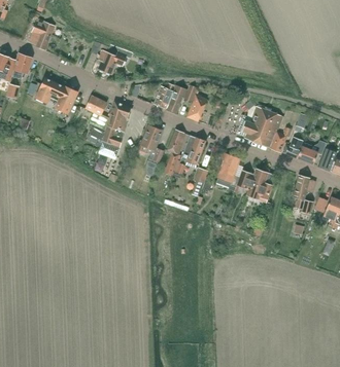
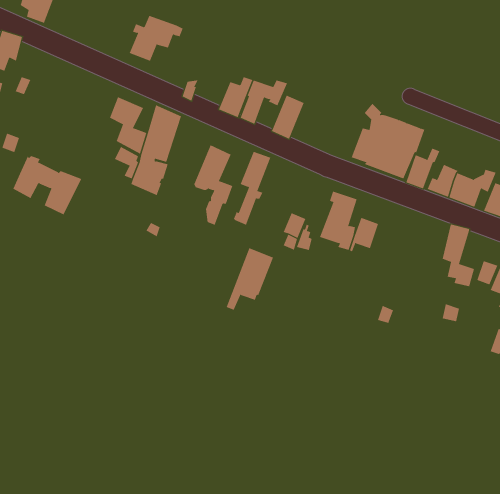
building: [35,77,78,114] -> [12,156,82,215]
building: [176,136,206,175] -> [226,247,274,310]
building: [246,169,272,200] -> none

